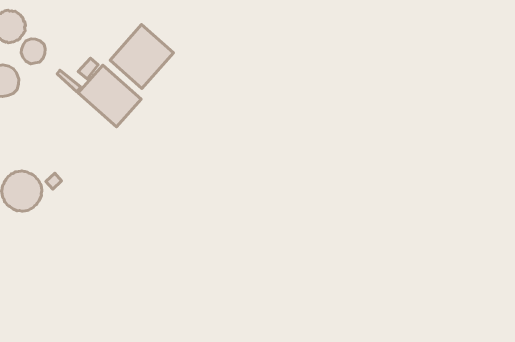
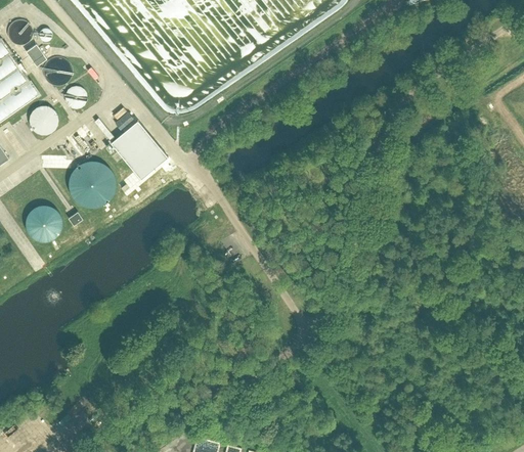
building: [110,24,174,89] -> none
building: none -> [68,161,115,209]

